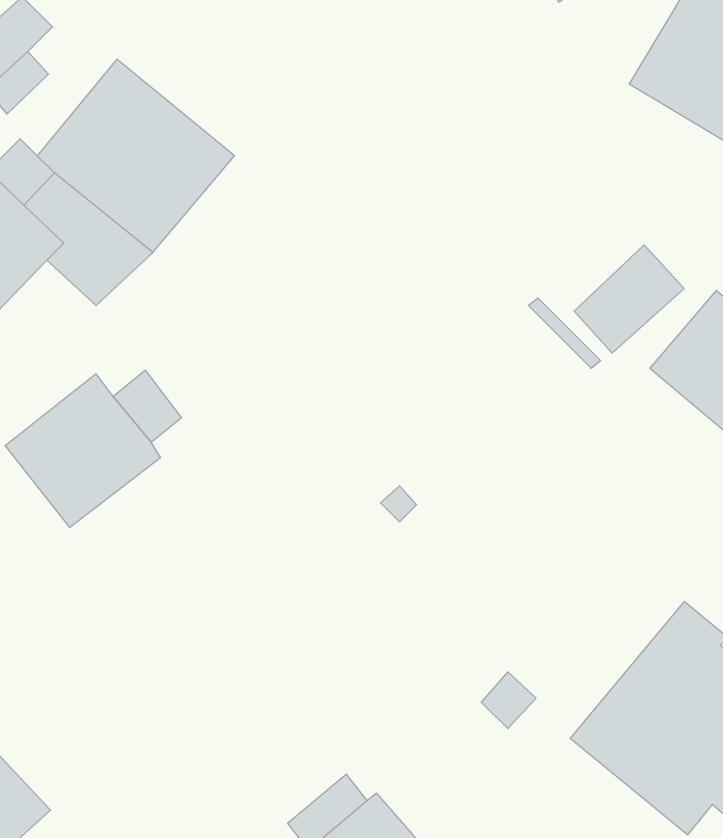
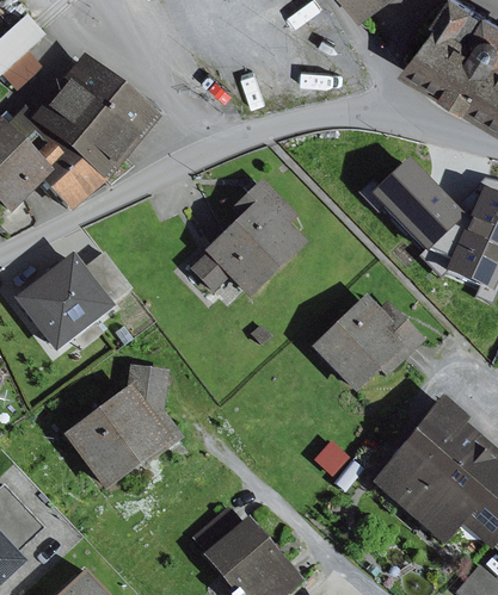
building: none -> [190,179,305,297]
building: none -> [309,295,425,392]
building: none -> [62,366,184,494]

